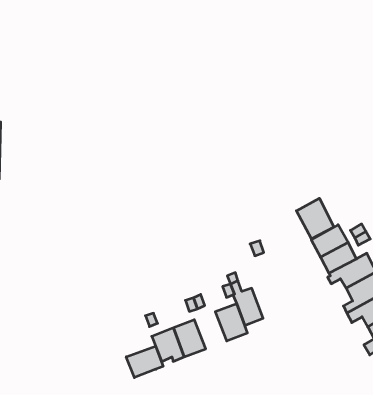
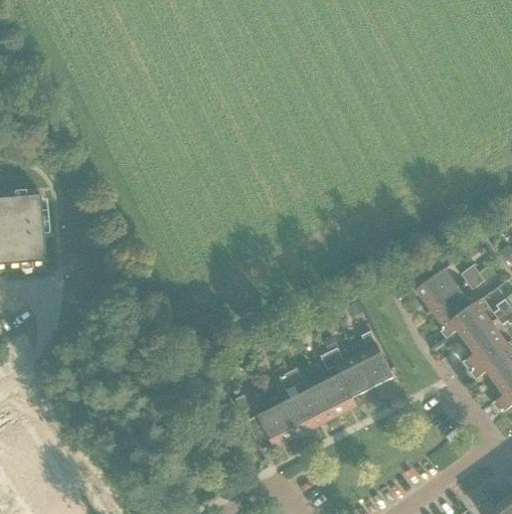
building: [296,198,334,239] -> none
building: none -> [354,328,391,384]
building: none -> [292,383,332,427]
building: [126,346,163,378] -> none

